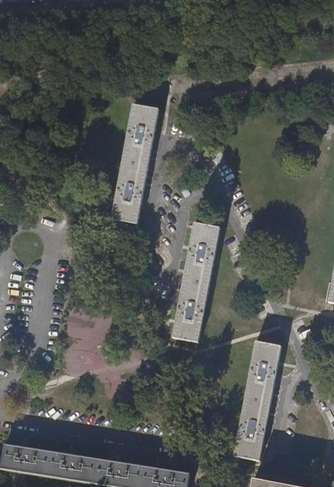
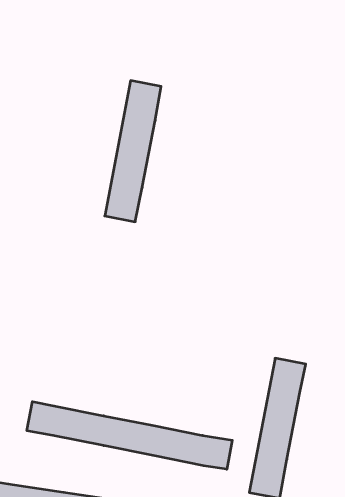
building: [171,222,218,342] -> none
building: none -> [27,402,232,469]

